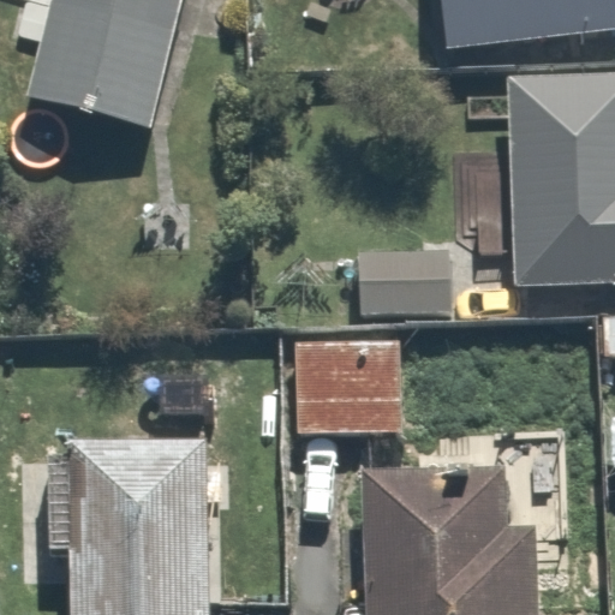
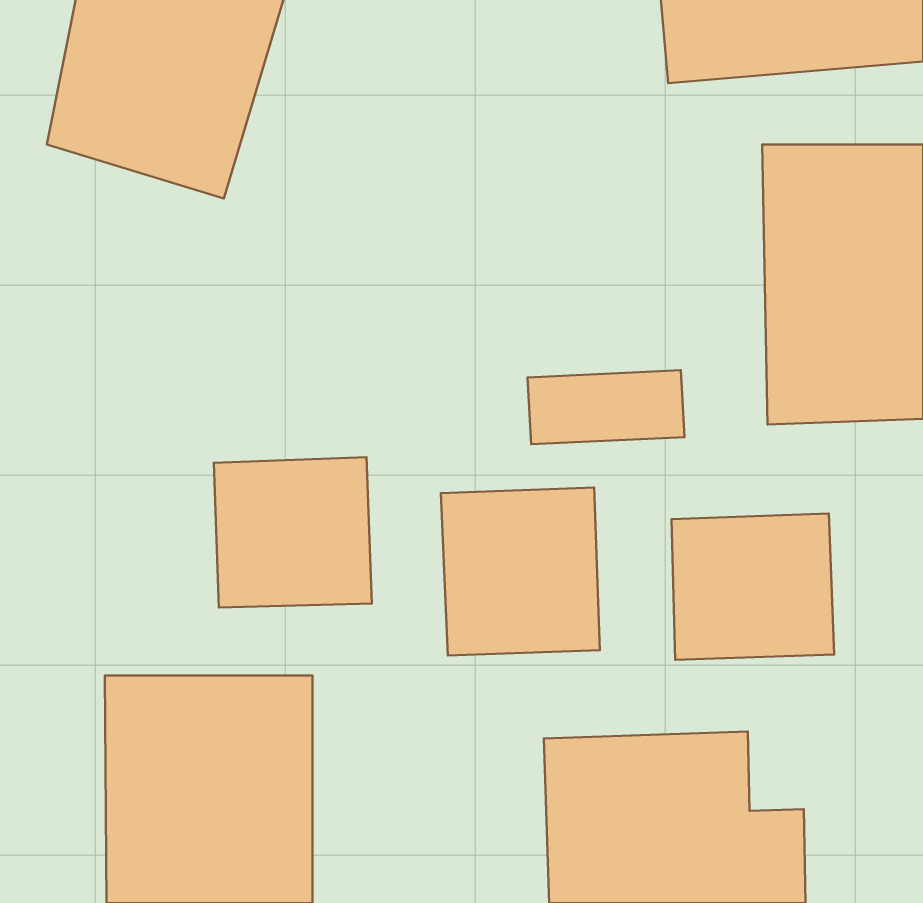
building: none -> [214,457,372,608]
building: none -> [672,514,834,660]

